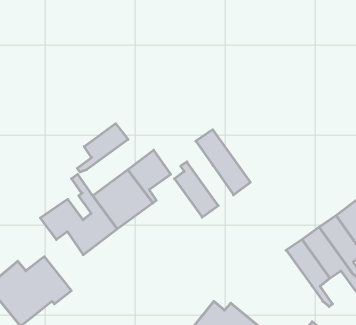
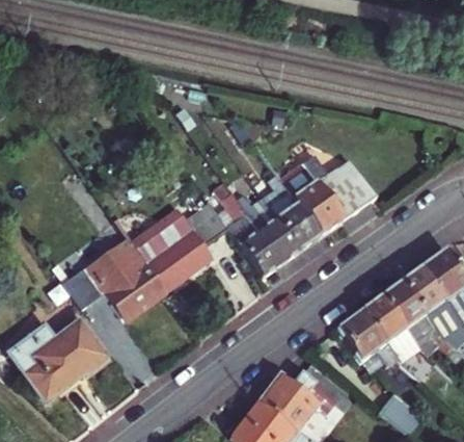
building: none -> [277,157,377,233]
building: [77,124,128,172] -> none
building: none -> [242,188,301,260]
building: none -> [337,312,392,365]

